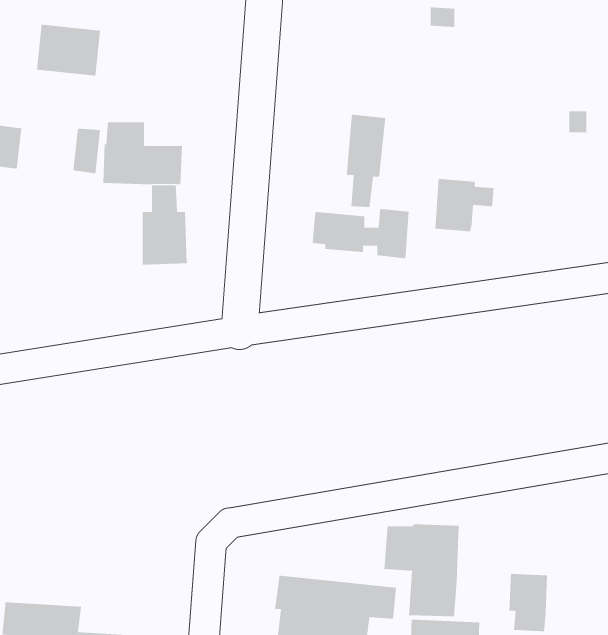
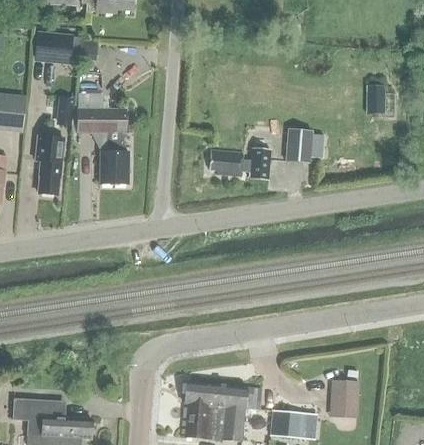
building: [346,114,386,208] -> none
building: none -> [36,136,64,194]
building: [384,524,459,617] -> none

